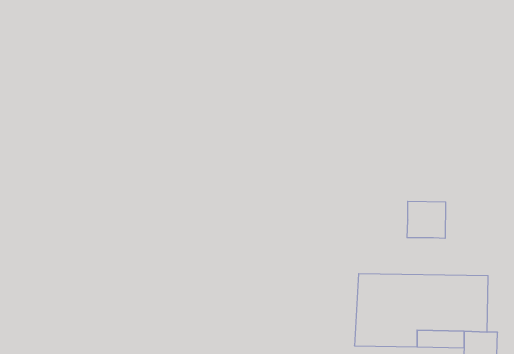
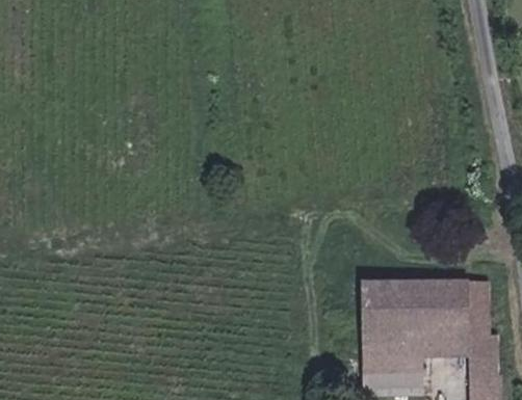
building: [407,201,446,238] -> none

